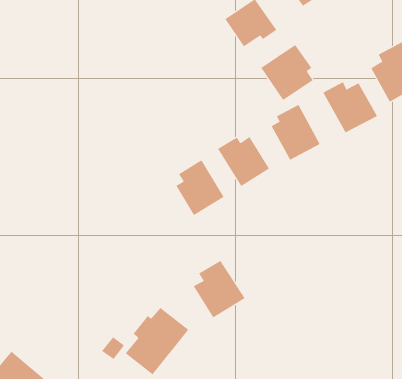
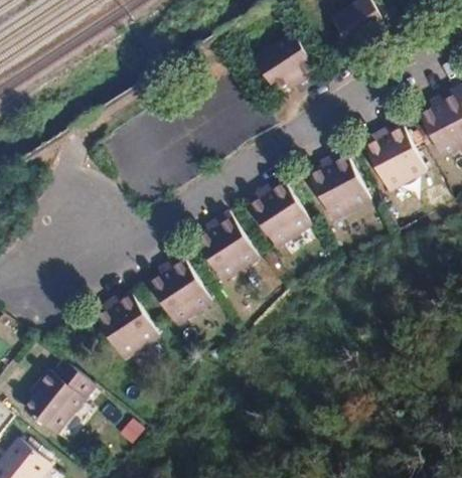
building: [260,44,314,101] -> none
building: none -> [103,300,159,354]
building: [193,260,245,318] -> [153,260,211,324]
building: [125,307,189,375] -> [28,358,100,434]

